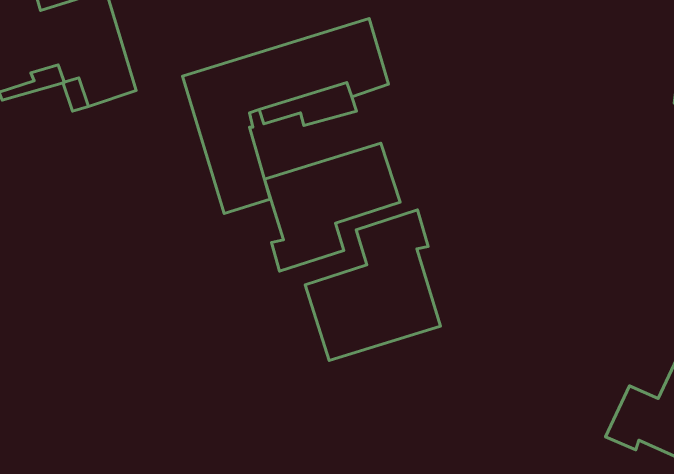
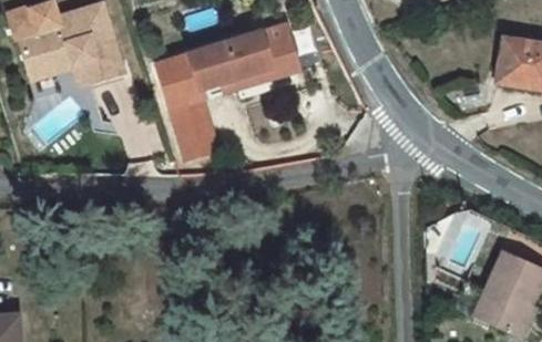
building: [265,143,400,271] -> none
building: [305,210,441,361] -> none

